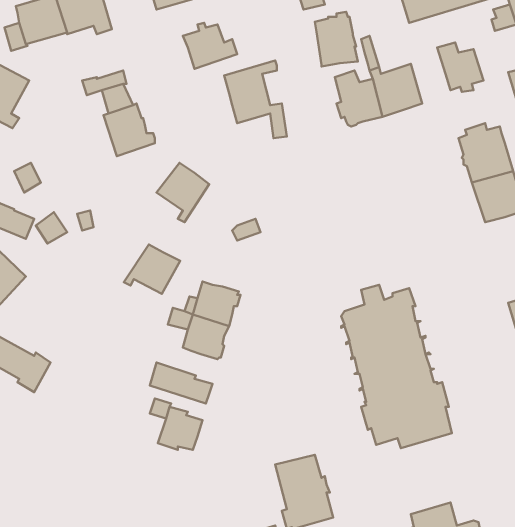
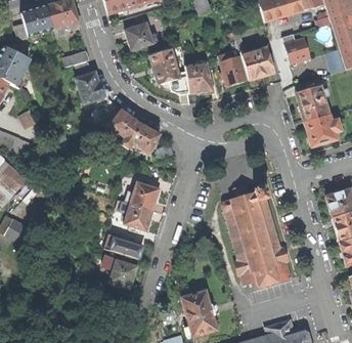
building: [315,12,358,66] -> [185,59,212,93]
building: [124,244,180,294] -> [126,122,161,153]

